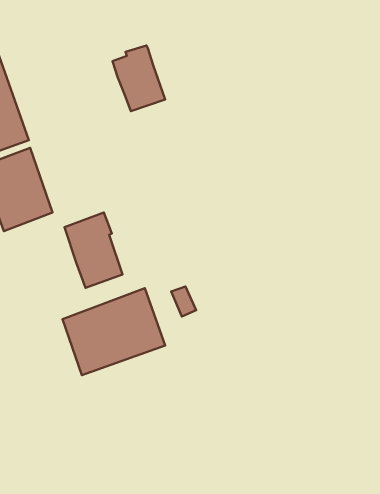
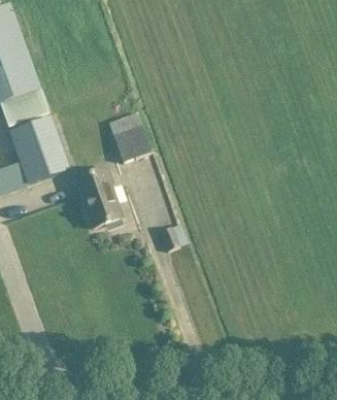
building: [112,45,165,111] -> [110,109,151,161]
building: [62,288,165,375] -> none

